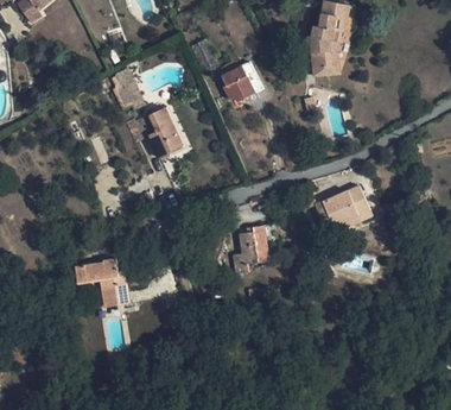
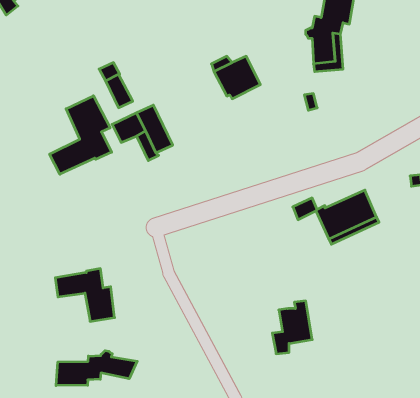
building: none -> [50,96,112,174]
building: [233,225,269,273] -> [272,301,312,354]
building: none -> [56,351,137,386]

